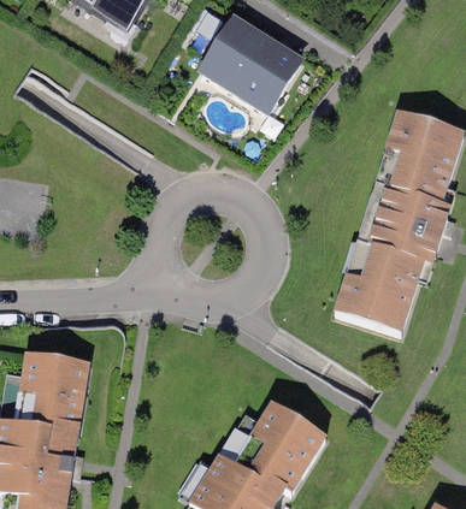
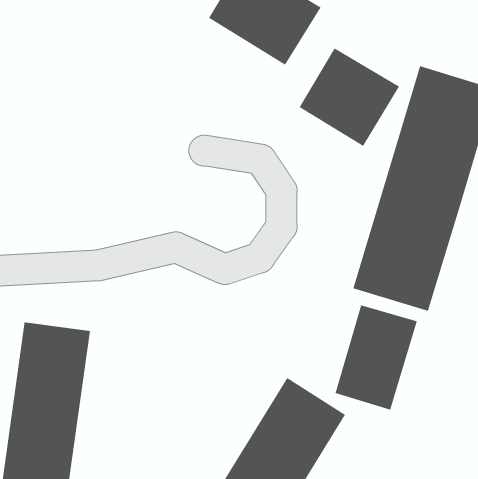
building: none -> [299,47,400,147]
building: none -> [335,305,417,410]

